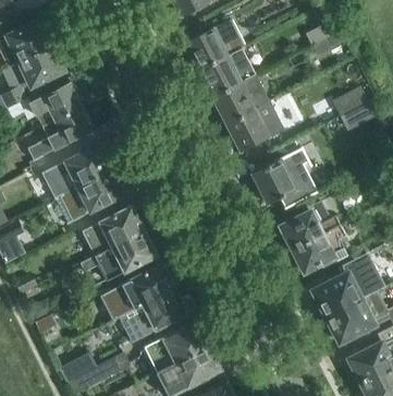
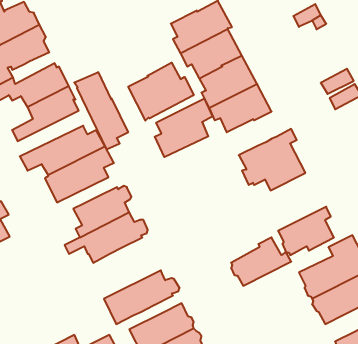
building: none -> [128,63,194,121]
building: none -> [74,72,128,150]
building: none -> [155,99,213,157]
building: [280,201,340,249] -> [231,237,291,286]
building: [100,262,176,320] -> none

